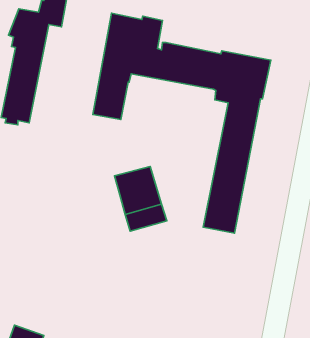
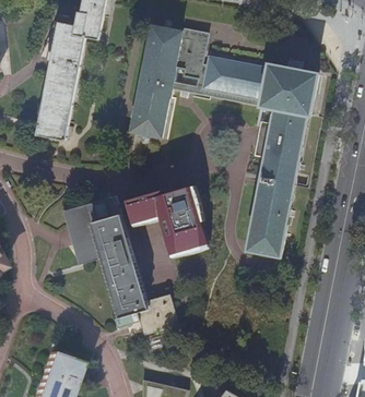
building: none -> [62,192,180,333]
building: none -> [129,194,162,221]

